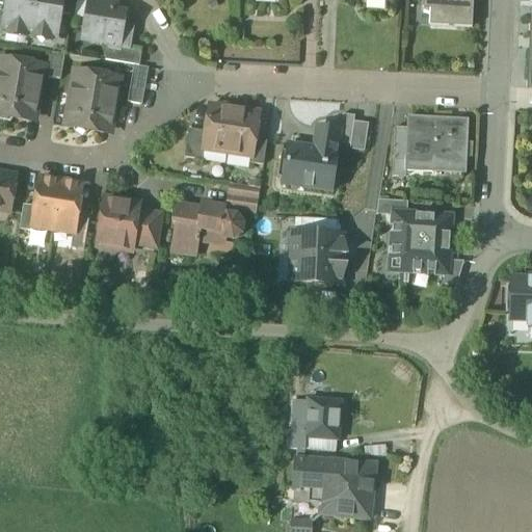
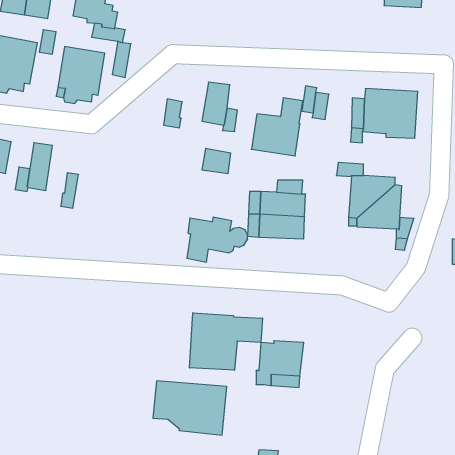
building: [203,103,235,151] -> none
building: [54,178,82,231] -> none
building: [99,196,162,245] -> none
building: [174,202,241,251] -> [187,217,248,262]
building: none -> [190,313,262,370]
building: [293,455,375,515] -> [153,381,227,435]

